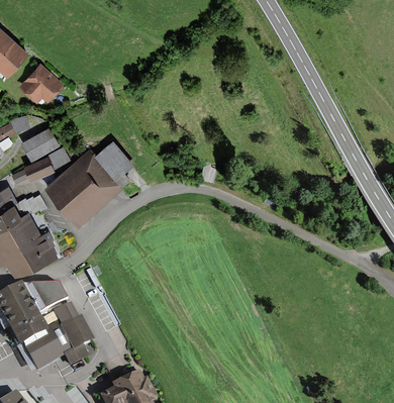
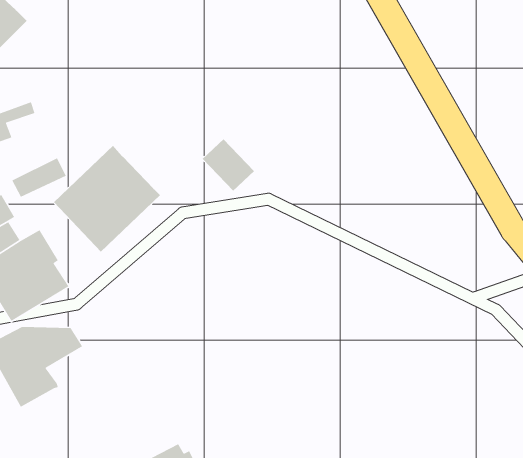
building: [16,61,62,101] -> none
building: [20,125,61,162] -> none
building: [96,140,135,180] -> [202,138,255,191]
building: [26,301,93,368] -> none

